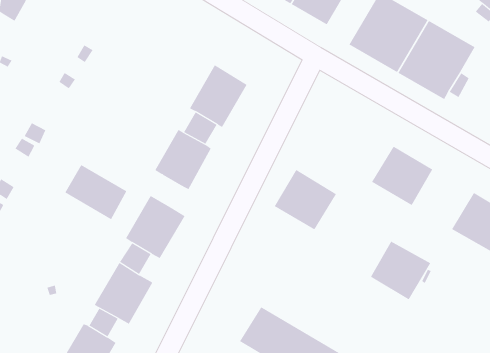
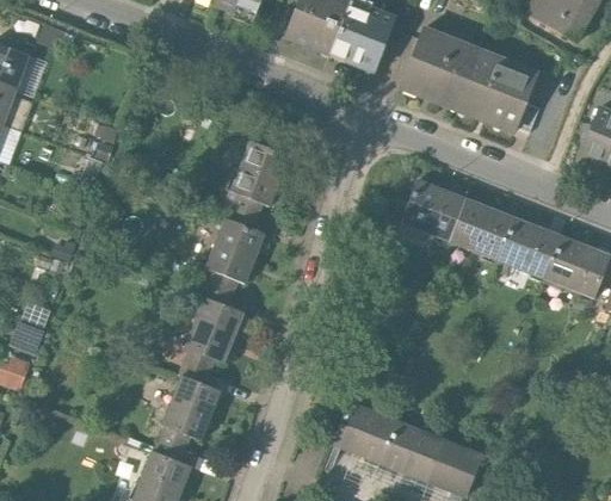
building: [64,164,127,220] -> none
building: [274,169,337,230] -> [396,175,464,240]
building: none -> [203,270,237,304]
building: [370,241,431,300] -> [496,215,562,278]

